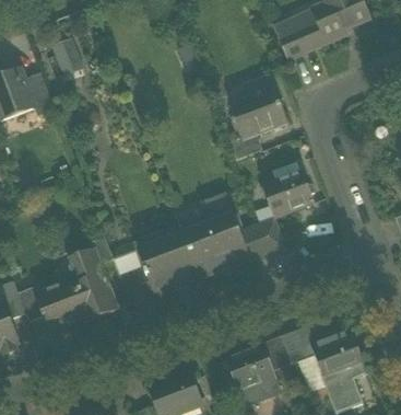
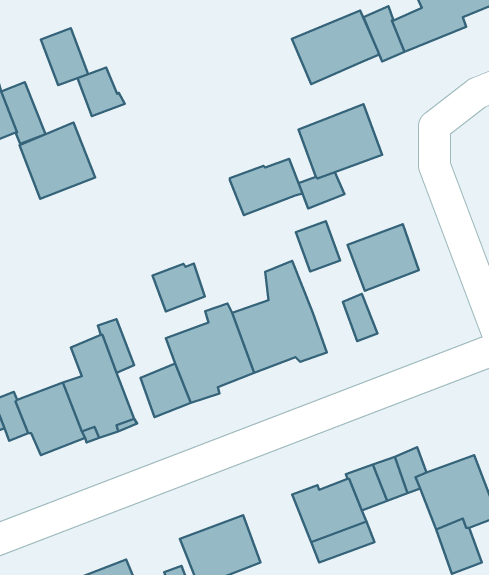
building: none -> [292,11,379,84]
building: none -> [77,67,125,116]
building: none -> [20,122,95,199]
building: none -> [230,159,302,215]
building: none -> [152,263,205,311]
building: [239,224,270,260] -> [296,221,340,272]

